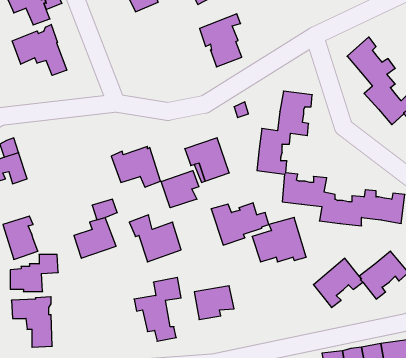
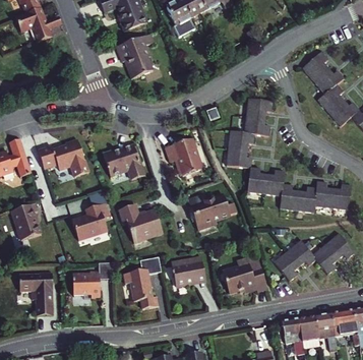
building: [200,14,242,67] -> [116,35,152,79]
building: [12,24,67,75] -> none
building: none -> [38,139,89,181]
building: [161,171,199,208] -> none
building: [252,217,306,262] -> [221,253,266,291]
building: [10,254,58,292] -> [72,262,113,294]

